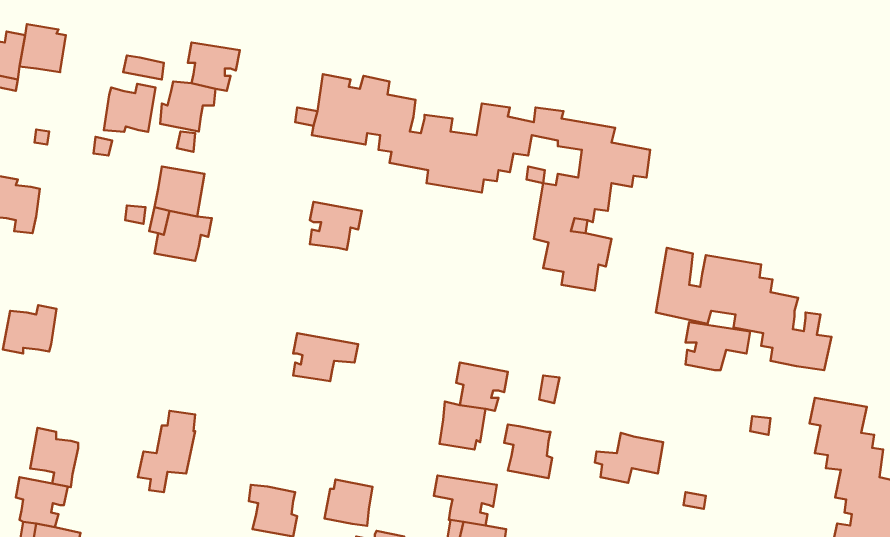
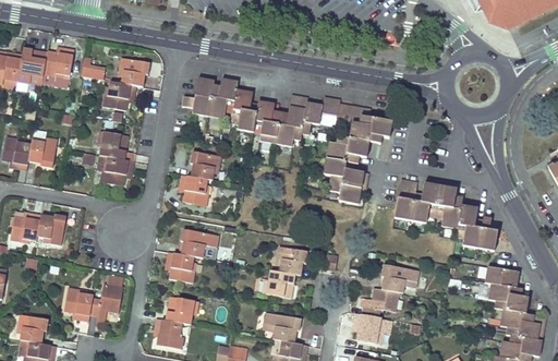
building: [104,84,156,132] -> [44,47,74,75]
building: none -> [29,137,58,168]
building: none -> [180,175,208,205]
building: none -> [38,214,66,244]
building: [685,322,750,370] -> [381,265,420,293]
building: none -> [166,252,195,284]
building: [504,424,552,478] -> [353,313,381,345]
building: [30,428,78,487] -> [64,287,93,322]
building: [324,480,373,526] -> [166,297,194,324]

